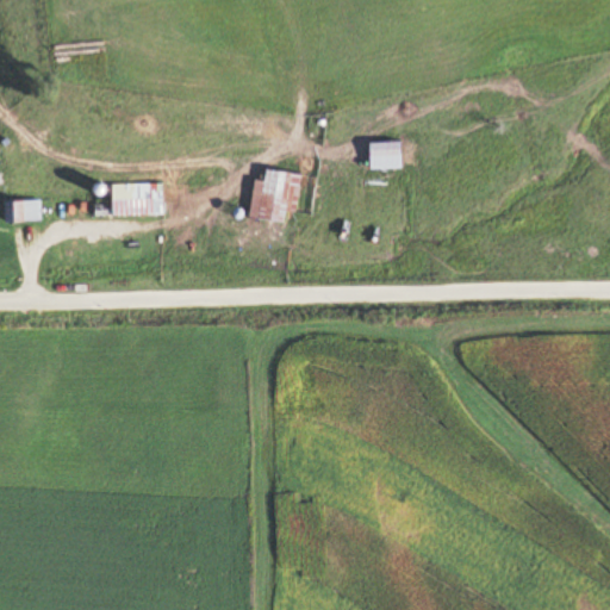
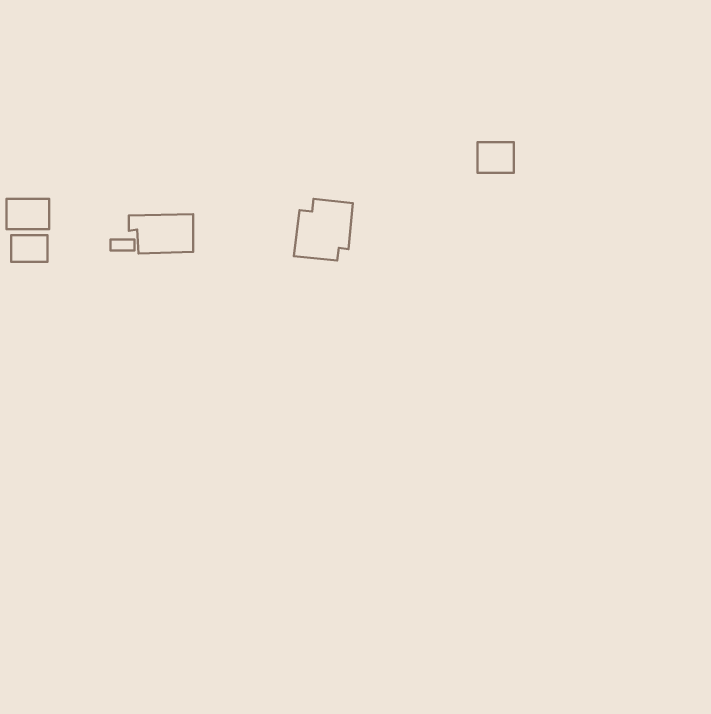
building: [360,141,391,167] -> [478,142,514,173]
building: none -> [6,199,49,229]

